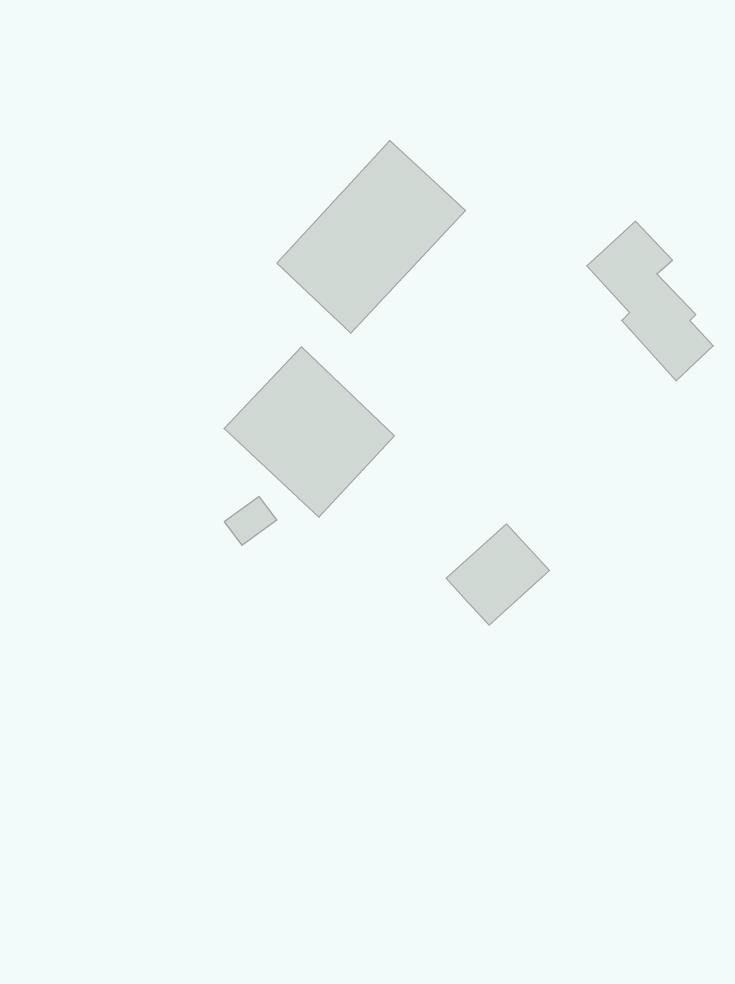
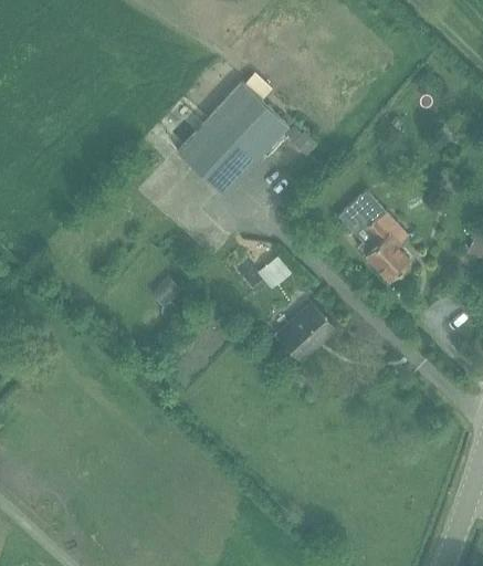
building: [587,221,713,381] -> [337,189,409,280]
building: [224,347,394,517] -> none

